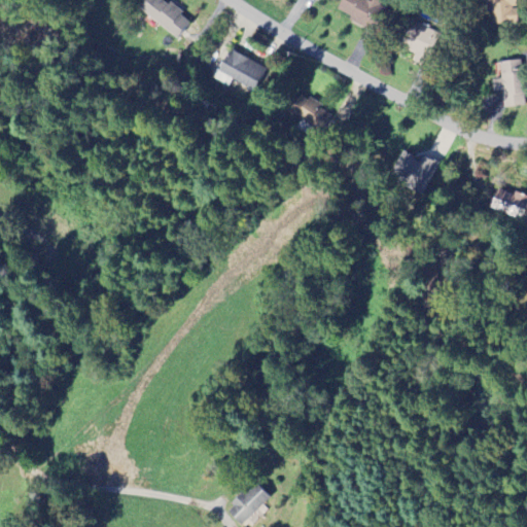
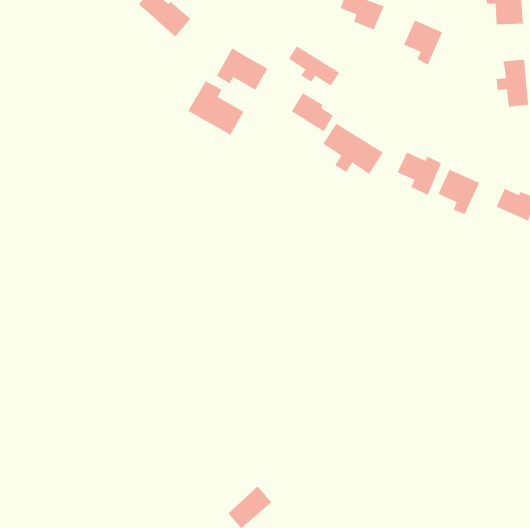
building: none -> [288,45,340,87]
building: none -> [188,80,244,136]
building: none -> [323,123,383,175]
building: none -> [438,169,480,215]

